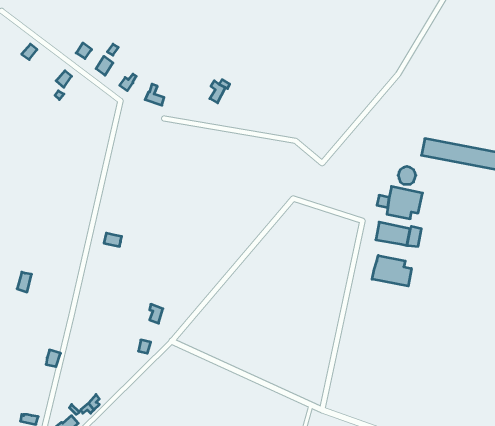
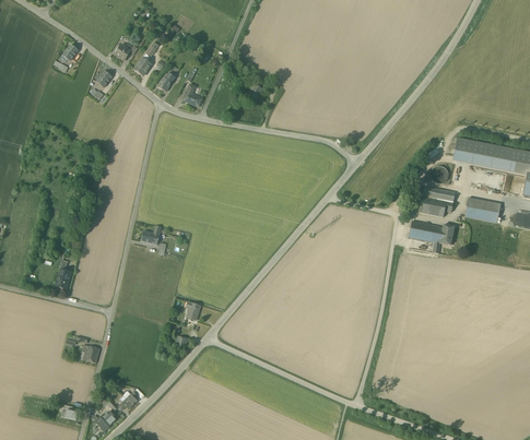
building: none -> [464,198,500,223]
building: [372,255,411,286] -> none

